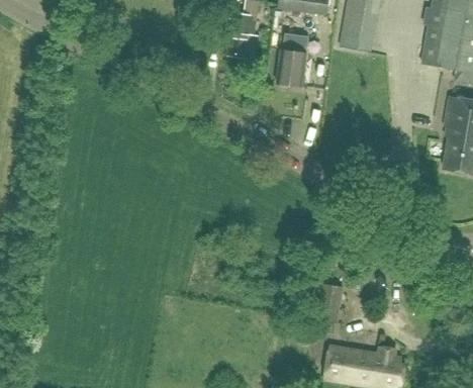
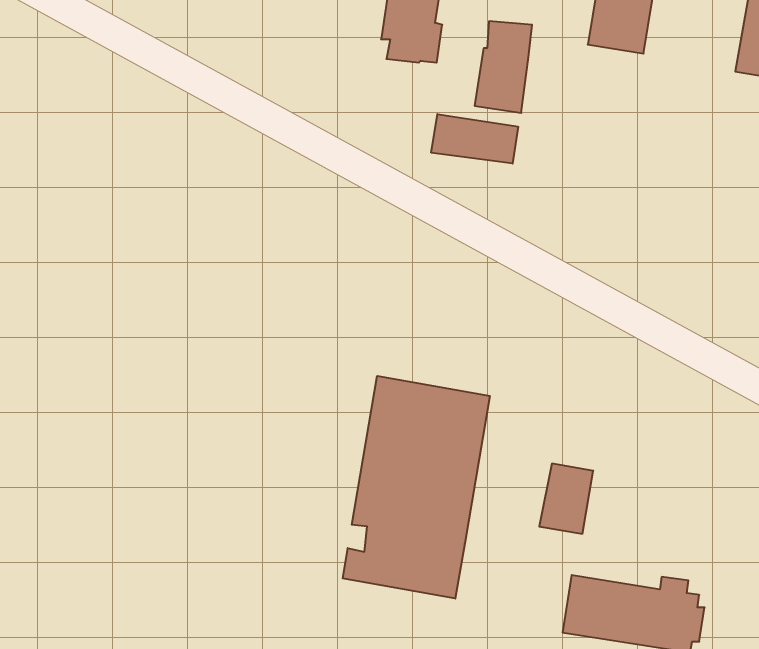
building: none -> [431,114,518,164]
building: none -> [343,376,490,599]

